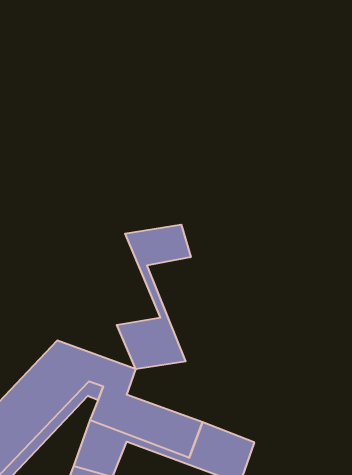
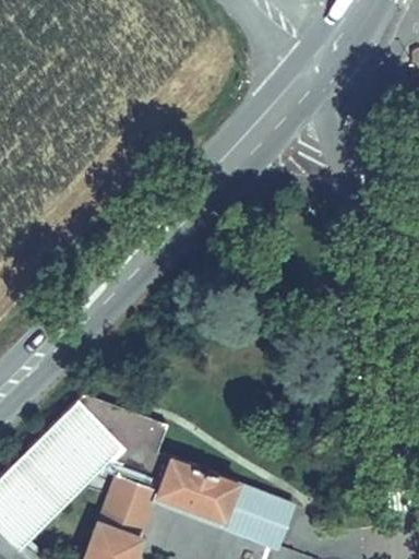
building: [117,225,191,369] -> none

